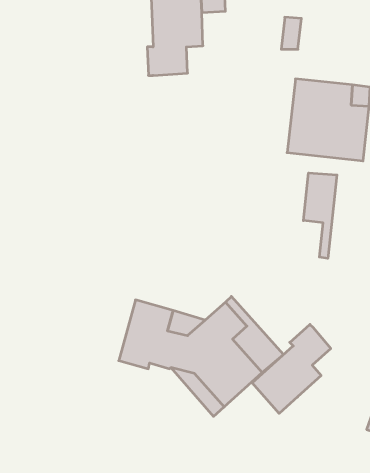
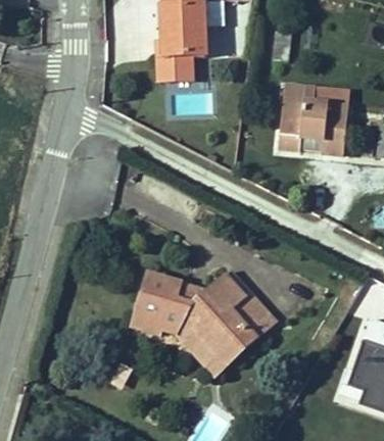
building: [303,173,337,258] -> none
building: [252,324,331,413] -> none

